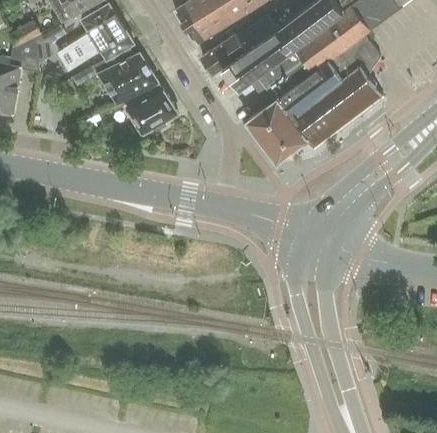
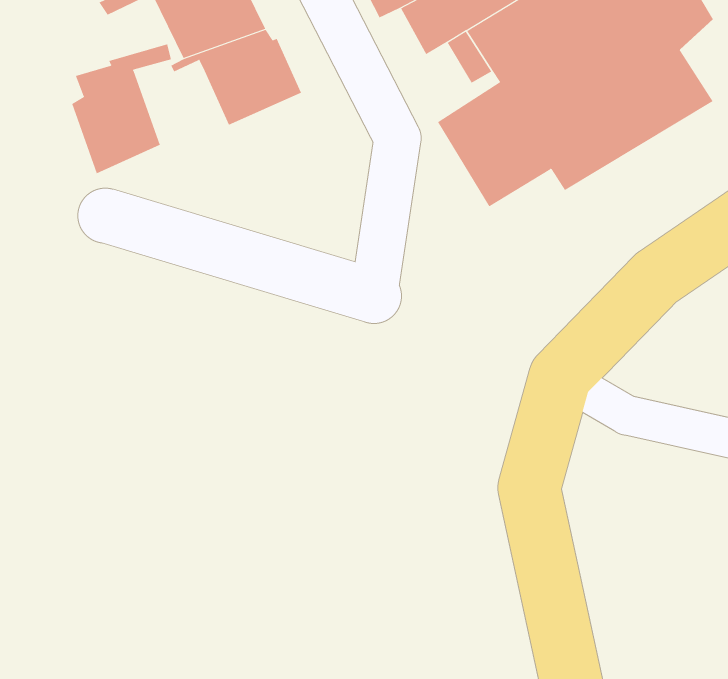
building: none -> [72,43,172,174]

